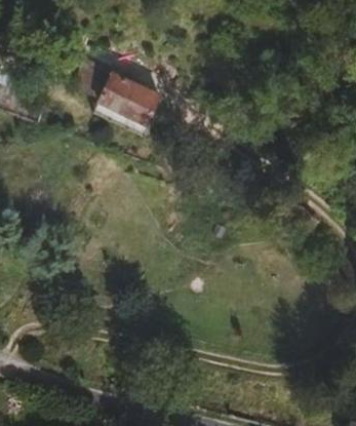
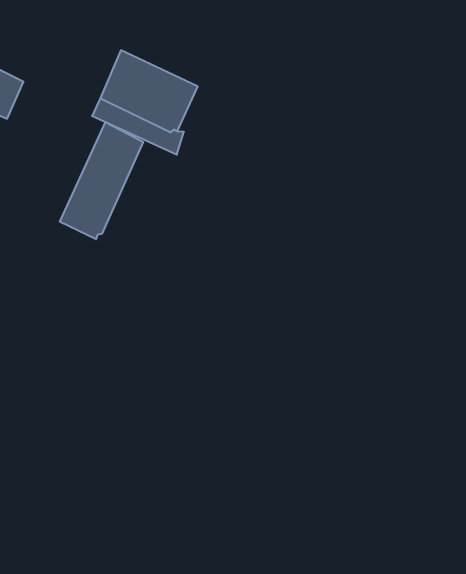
building: none -> [60,122,143,239]

